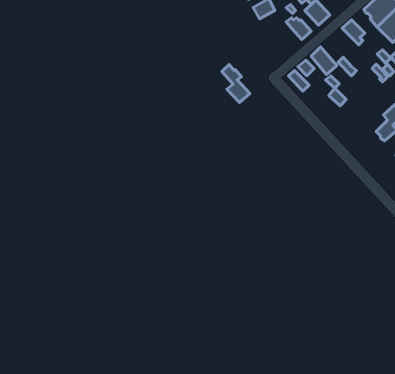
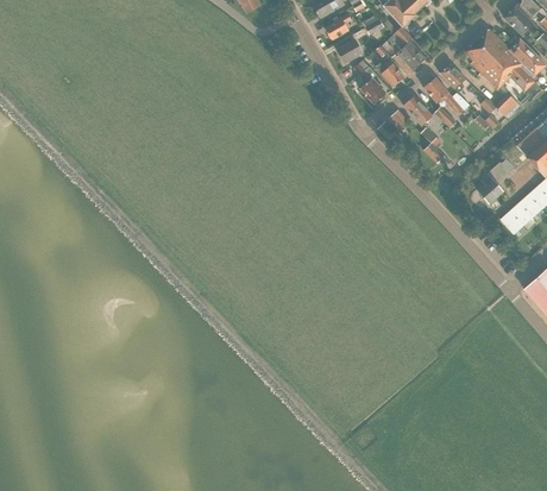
building: none -> [422,76,469,114]
building: [222,64,250,103] -> [353,59,385,103]

